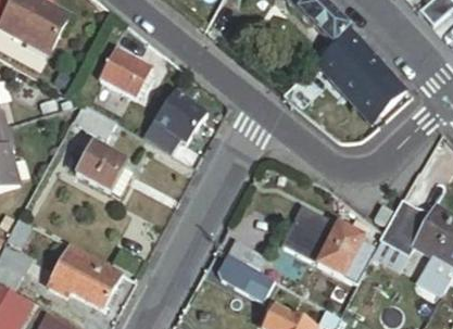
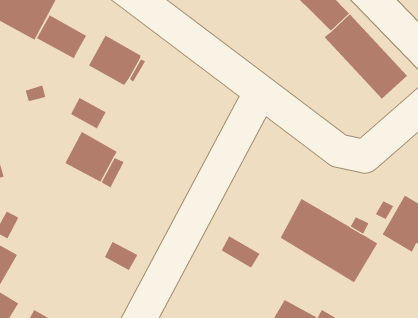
building: none -> [36,14,87,59]
building: [141,90,205,152] -> none
building: [49,244,122,307] -> none
building: [216,255,272,303] -> none

